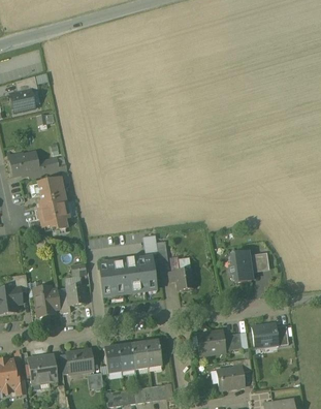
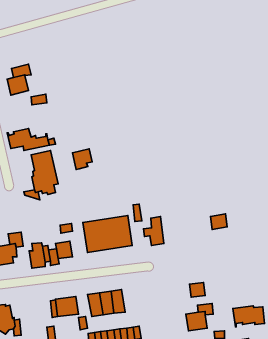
building: none -> [72,149,92,169]
building: [229,252,251,282] -> none
building: [251,323,288,348] -> [233,306,264,327]
building: [198,329,225,352] -> none
building: [143,339,162,368] -> none
building: [27,354,57,384] -> none

